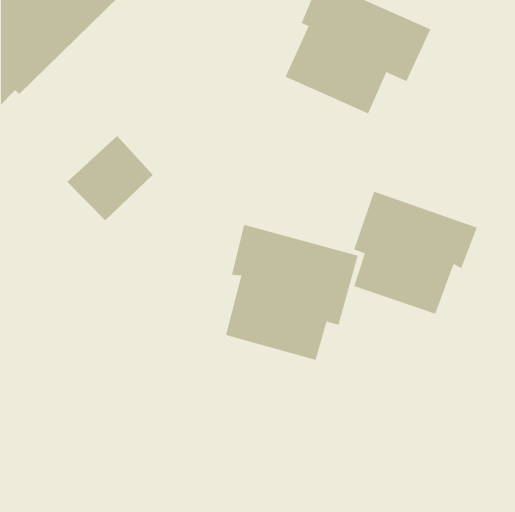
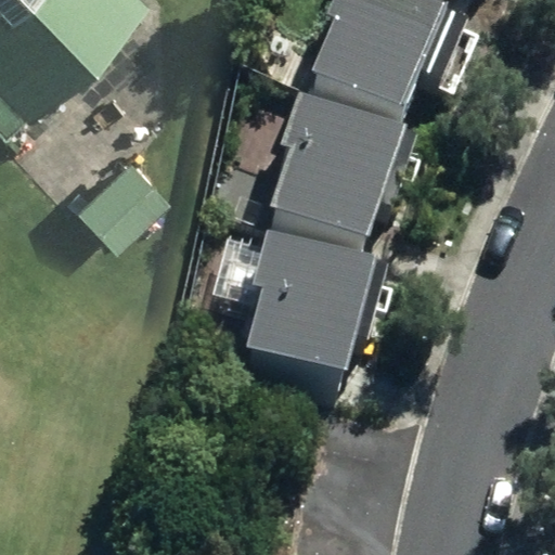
building: none -> [266,101,415,250]
building: [353,191,477,315] -> none

